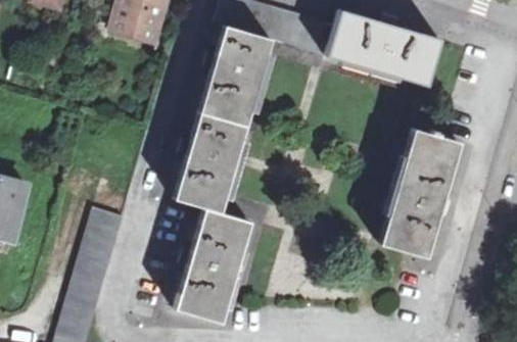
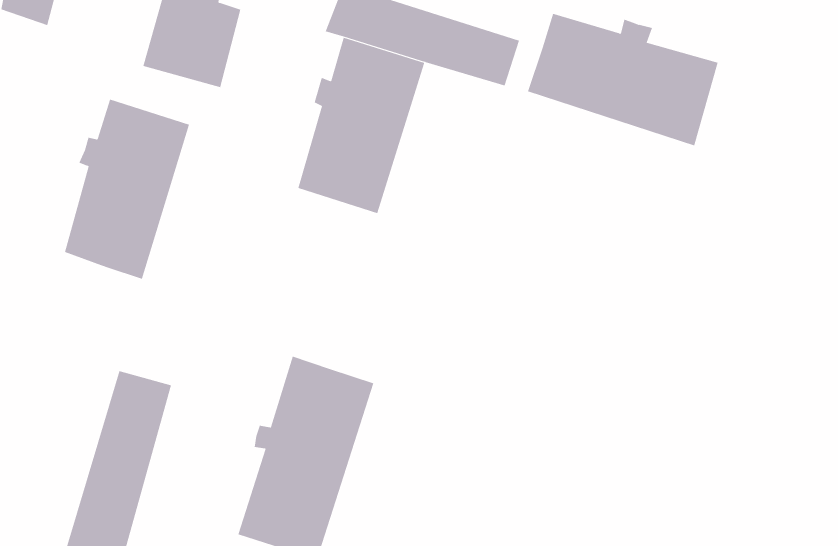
building: [177,108,247,209] -> [64,99,190,279]
building: [377,130,457,258] -> none

